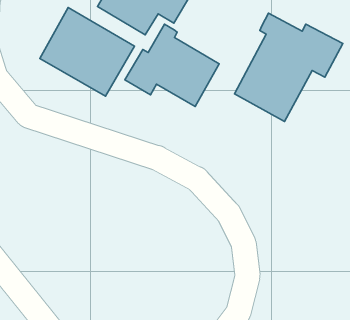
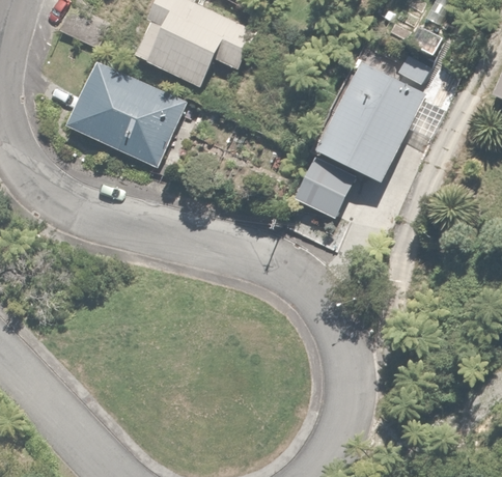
building: [125,24,219,106] -> none
building: none -> [294,158,353,217]

